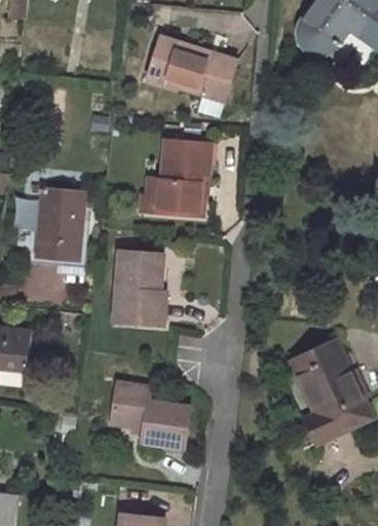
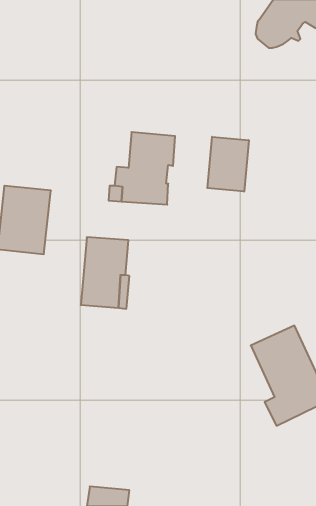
building: [150,35,239,101] -> none
building: none -> [207,137,249,192]
building: [112,376,189,441] -> none

